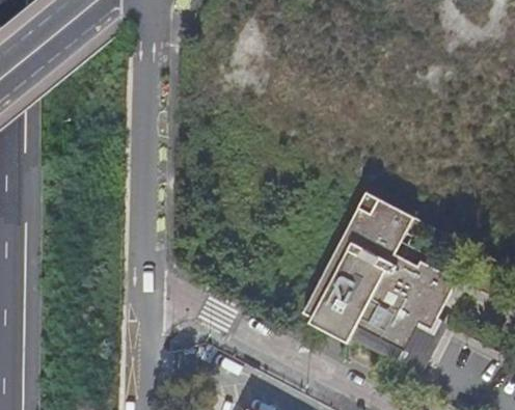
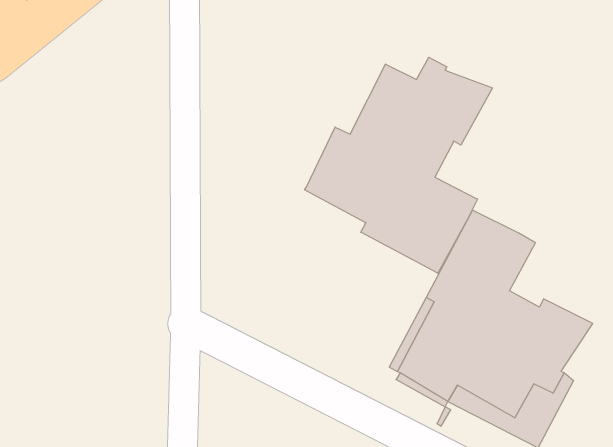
building: none -> [305,57,492,273]

